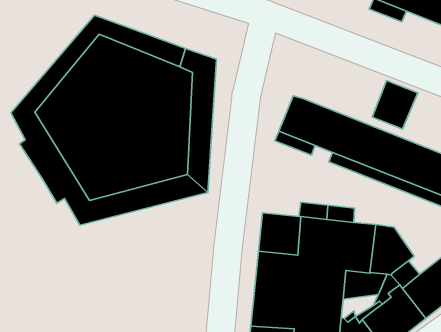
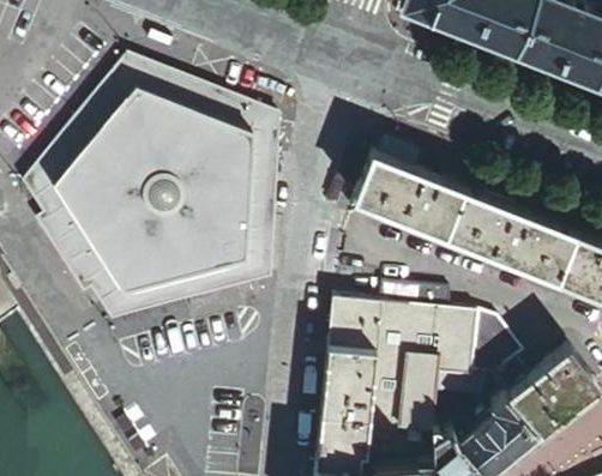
building: [372,80,418,129] -> none

